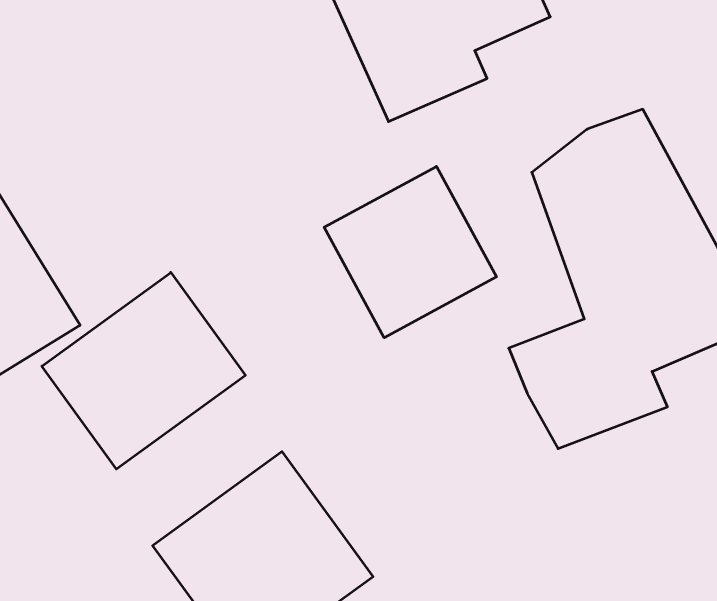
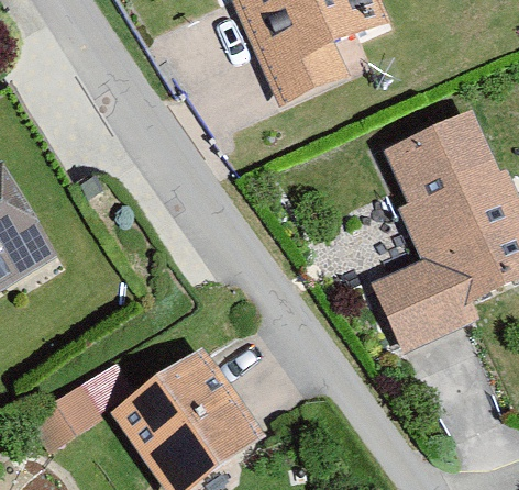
building: [324,166,496,338] -> none
building: [42,272,245,469] -> none

